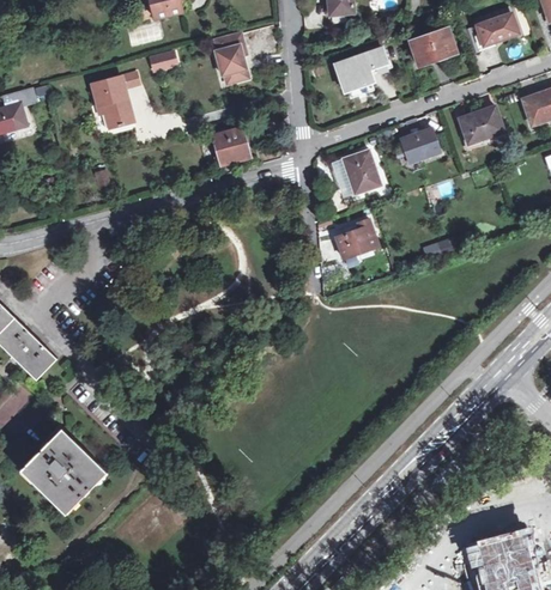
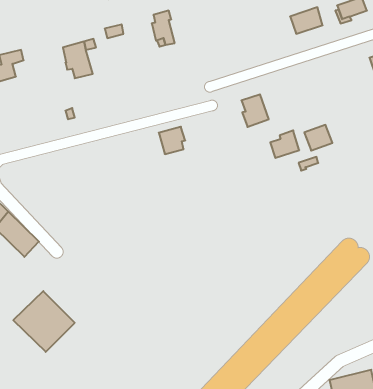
building: [334,48,386,92] -> none
building: [458,107,503,145] -> none
building: [213,127,250,165] -> [159,127,185,154]
building: [400,128,440,164] -> [304,125,332,151]
building: [335,220,376,258] -> [270,130,299,158]

